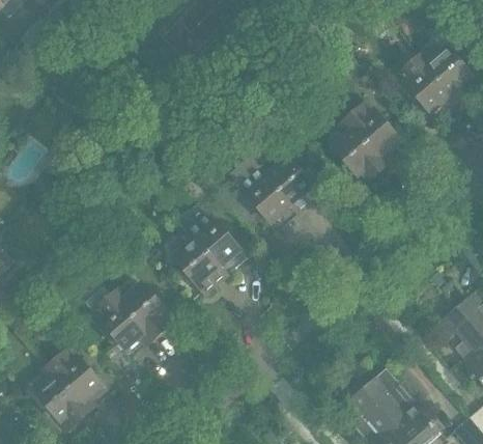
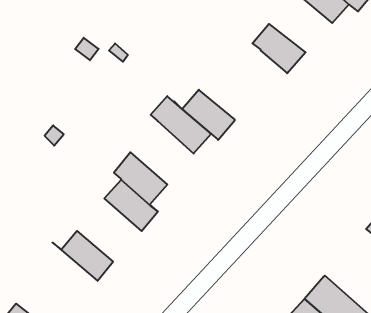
building: [332,127,385,181] -> none
building: [85,282,154,348] -> none

